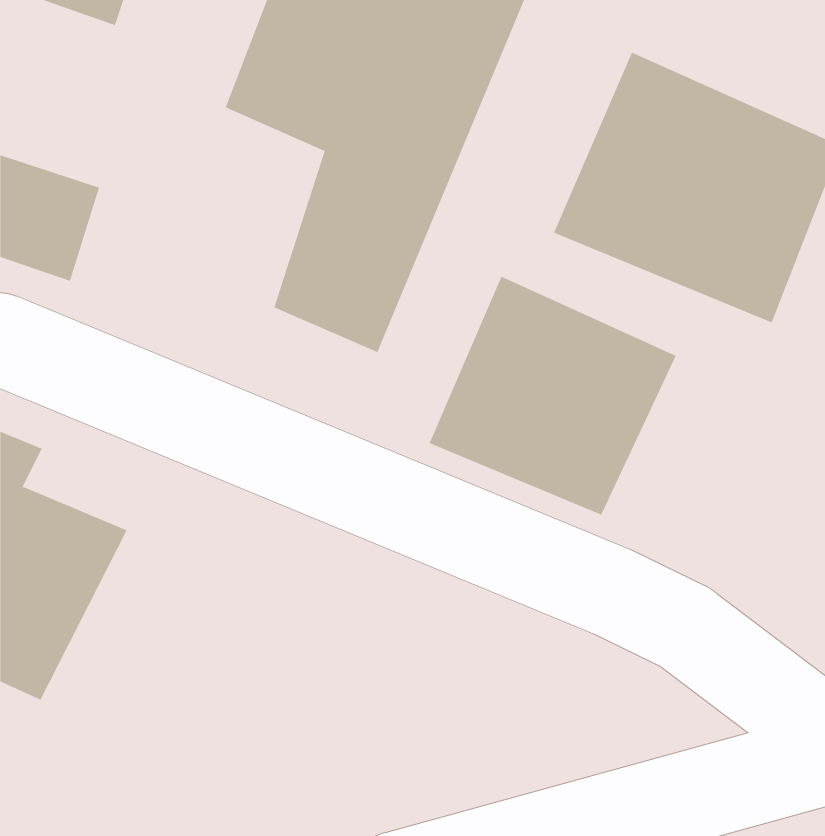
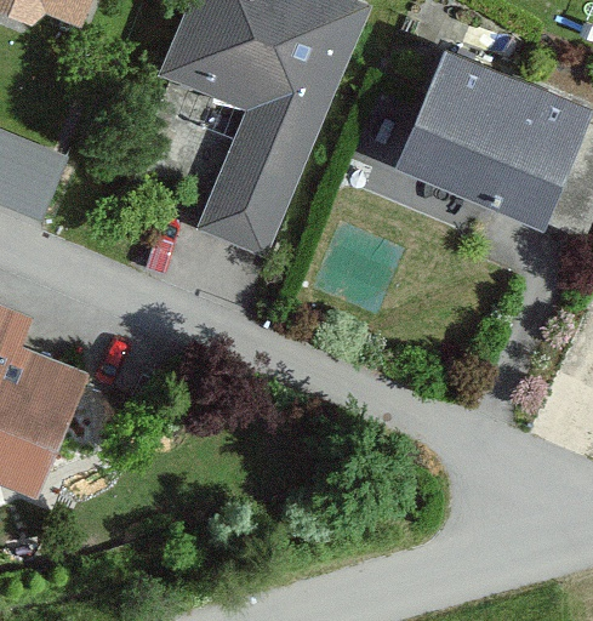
building: [429,276,676,516] -> none

